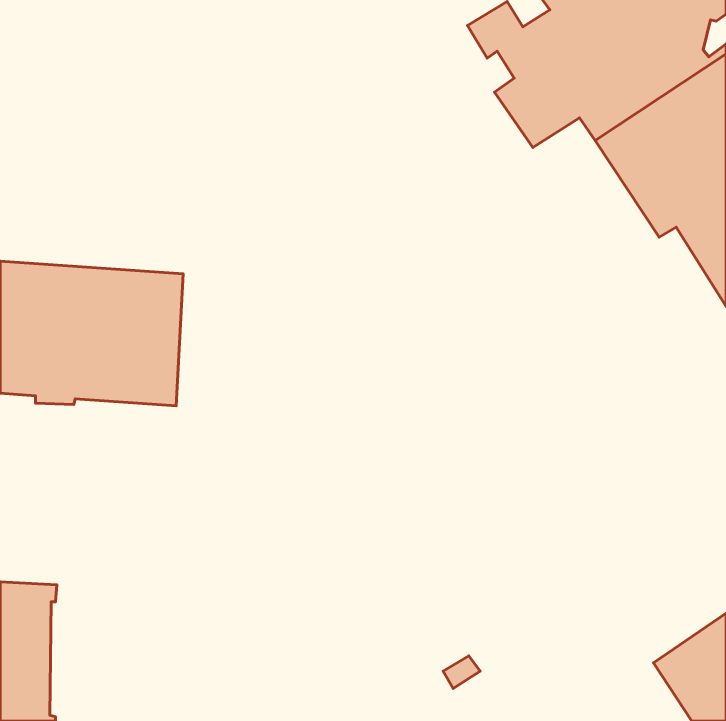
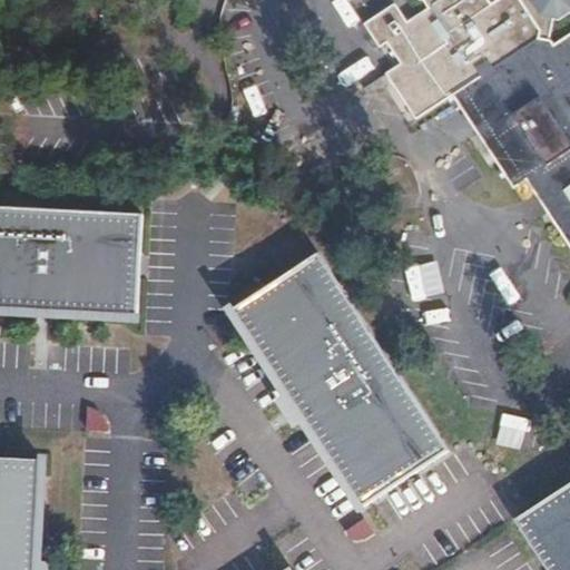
building: none -> [233,253,448,507]

